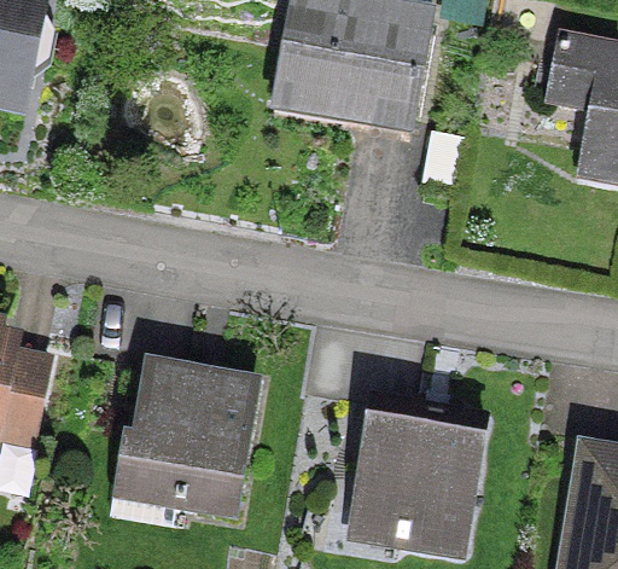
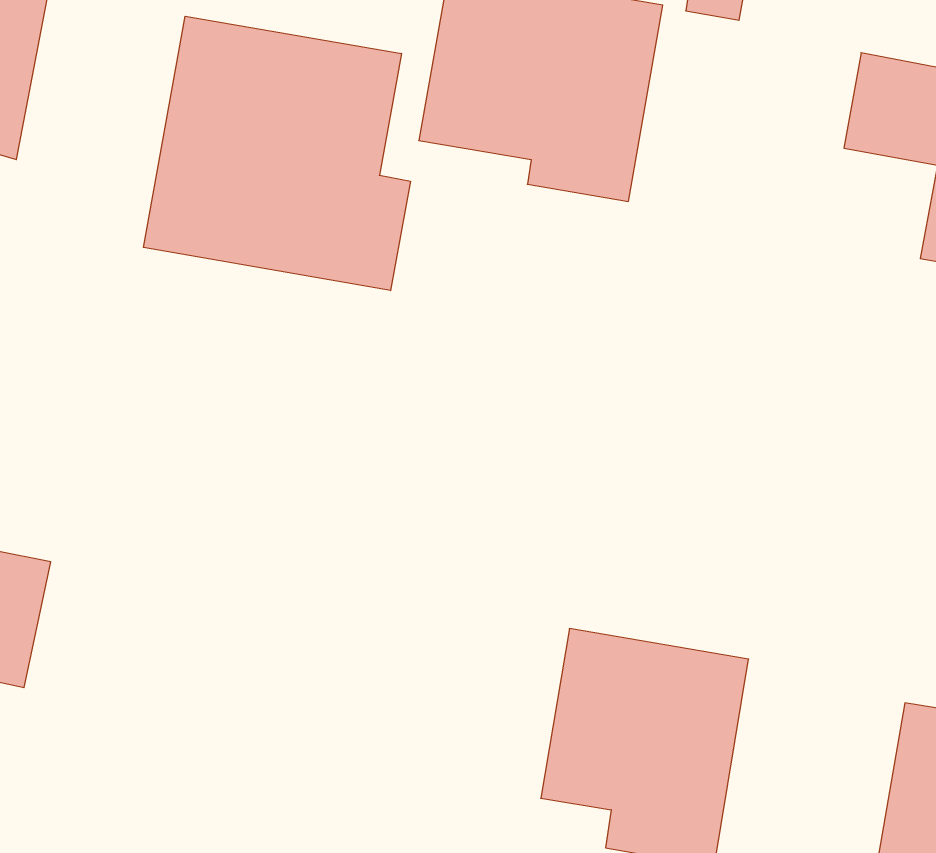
building: none -> [143,16,410,291]
building: [126,368,252,516] -> none

